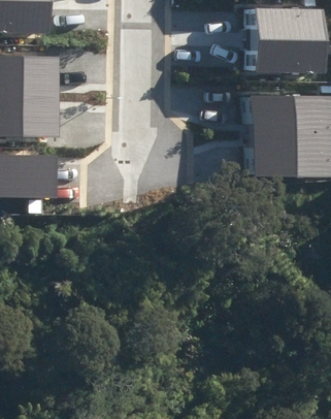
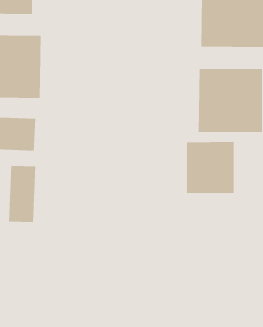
building: none -> [186,141,235,194]
building: none -> [8,165,36,223]

